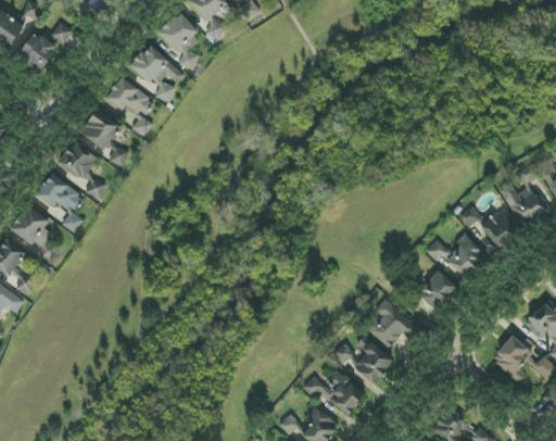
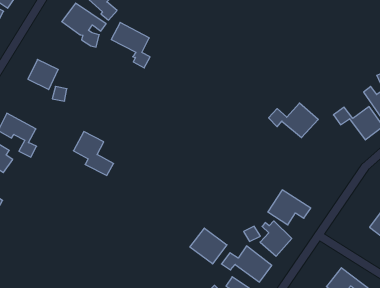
building: [106,77,154,137] -> [111,22,150,68]
building: [59,141,108,199] -> [73,132,114,175]
building: [426,235,488,278] -> [269,103,318,138]
building: [418,270,457,310] -> none
building: none -> [190,228,227,264]

